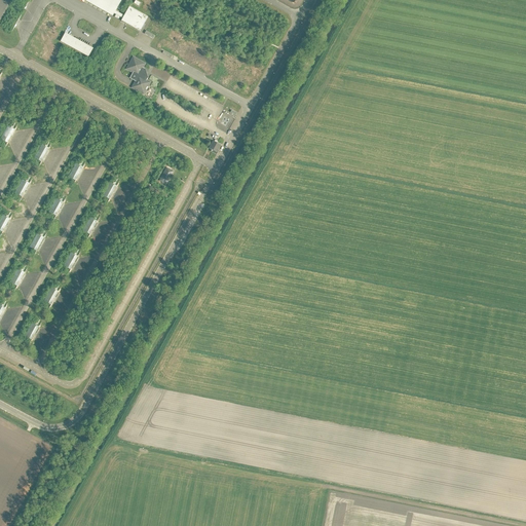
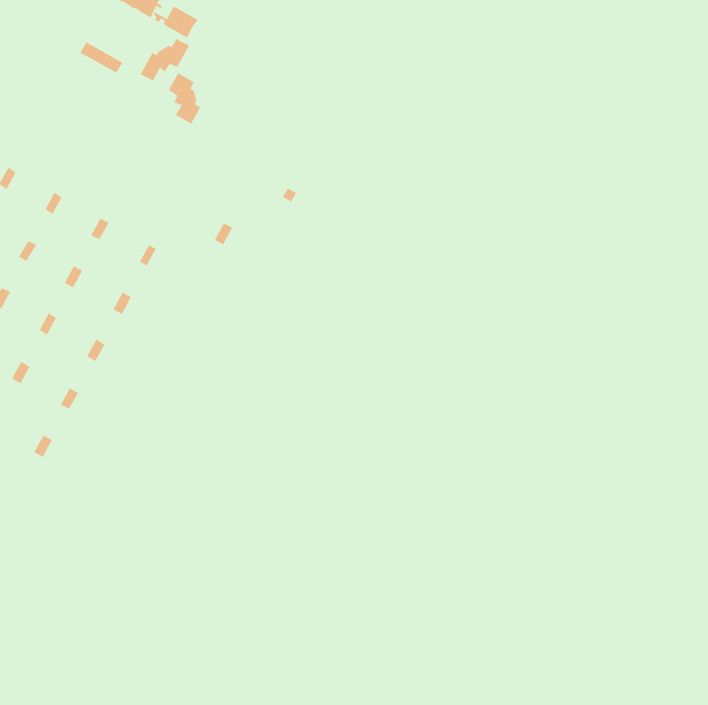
building: none -> [139,38,190,81]

